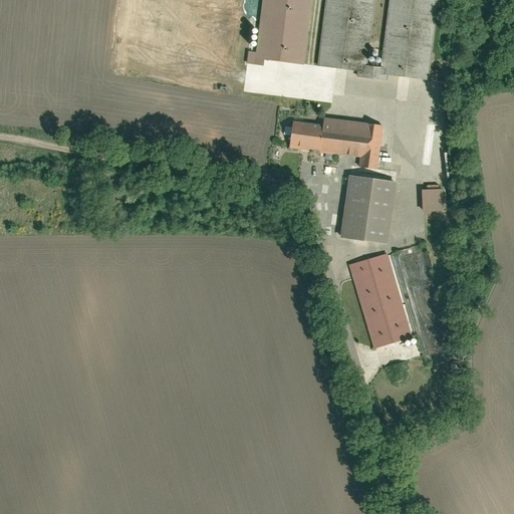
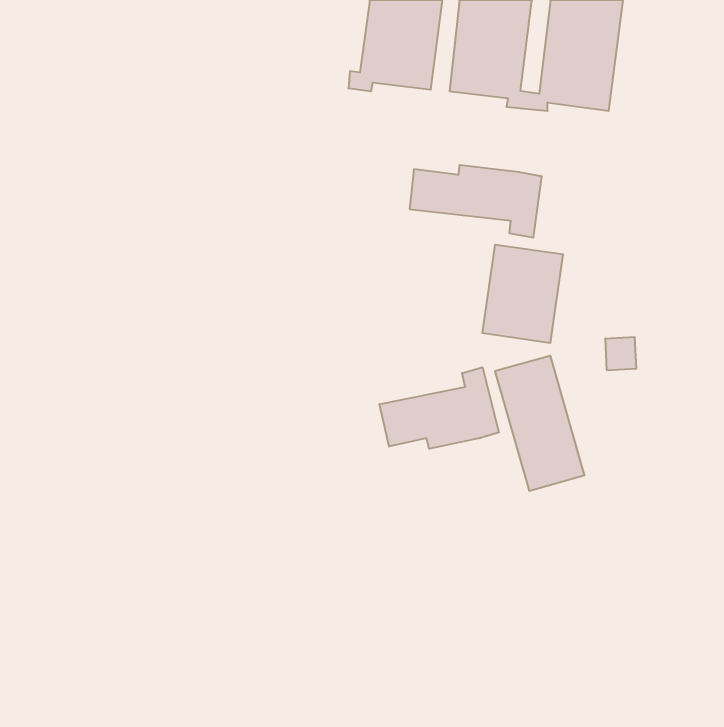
building: [422,188,444,211] -> [605,337,636,370]
building: none -> [379,367,499,449]

